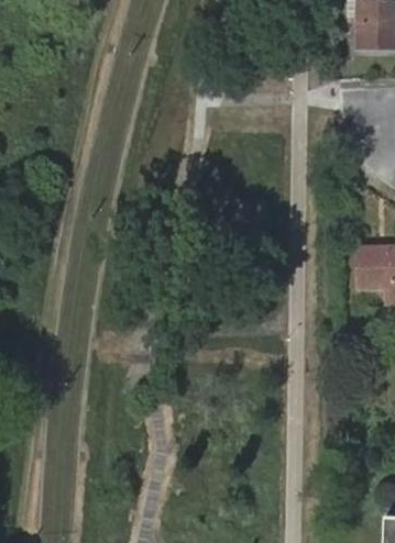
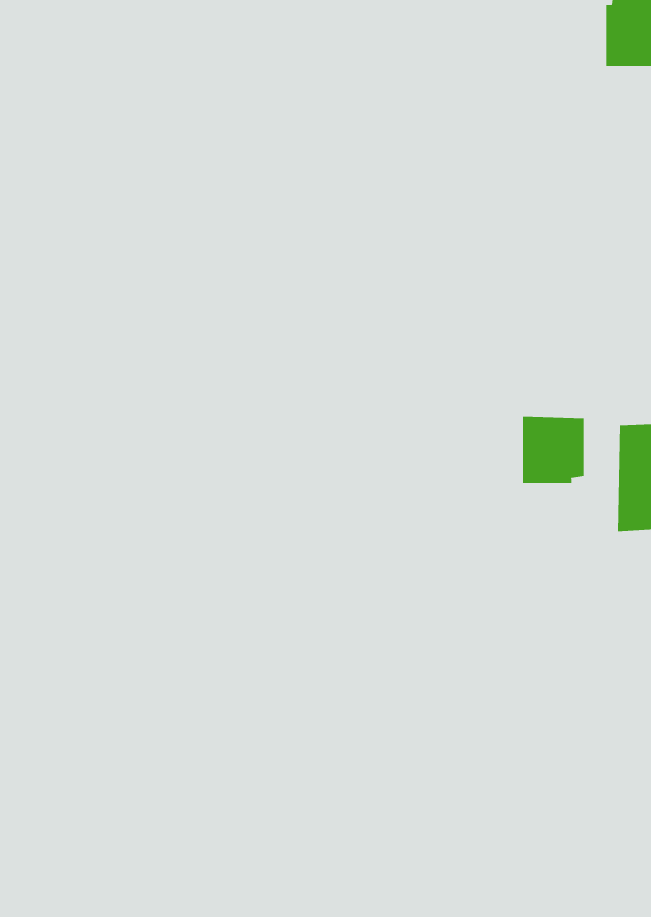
building: none -> [522,416,584,484]

